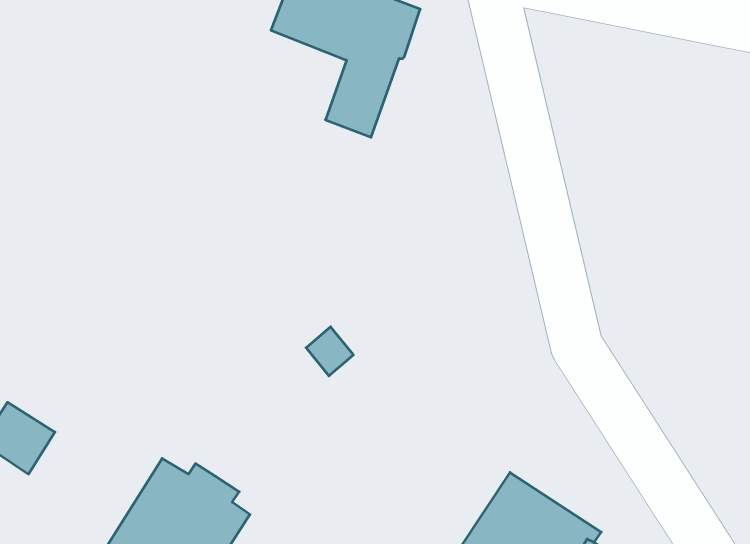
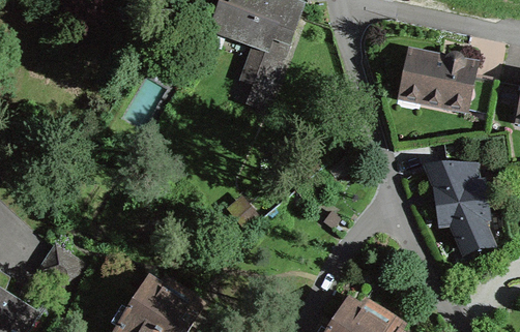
building: none -> [399,52,474,109]
building: none -> [428,162,488,250]

